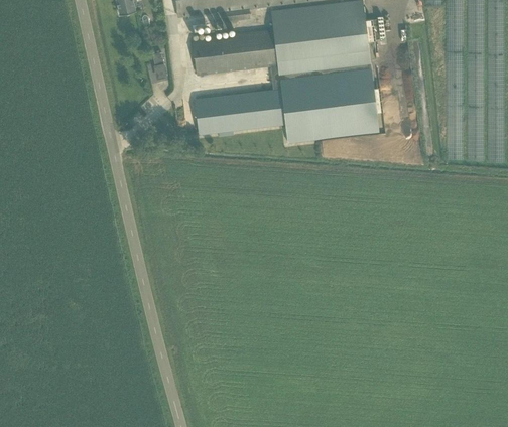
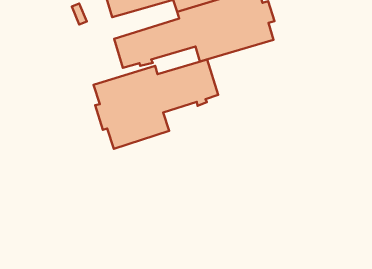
building: none -> [94,59,218,149]

